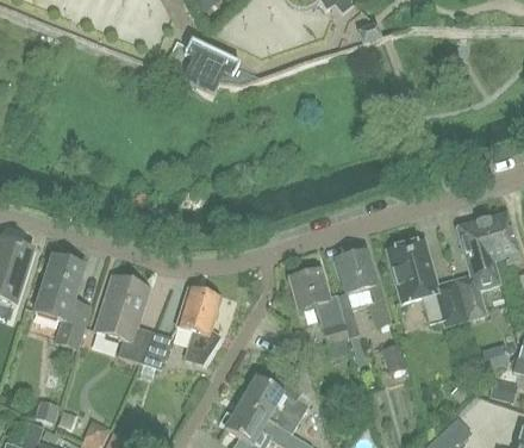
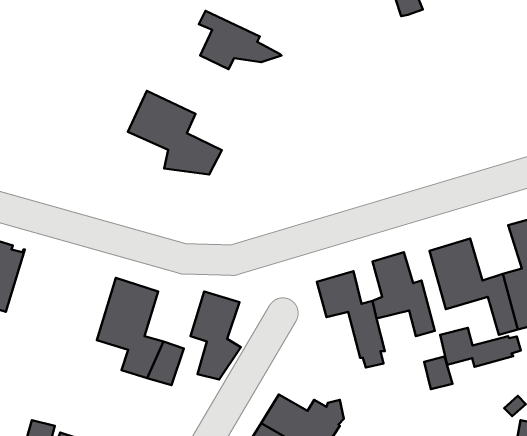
building: none -> [128,91,222,175]
building: [35,254,91,346] -> none
building: none -> [440,328,521,367]

